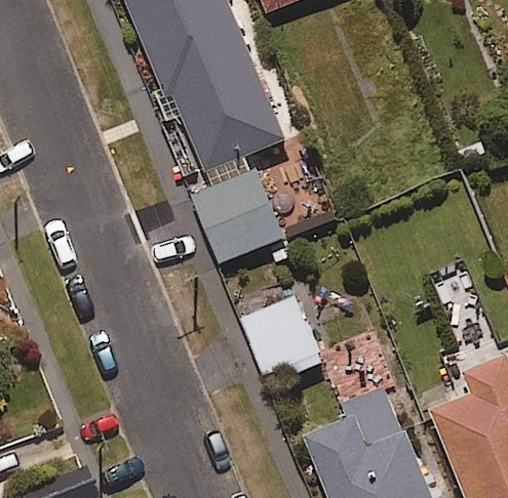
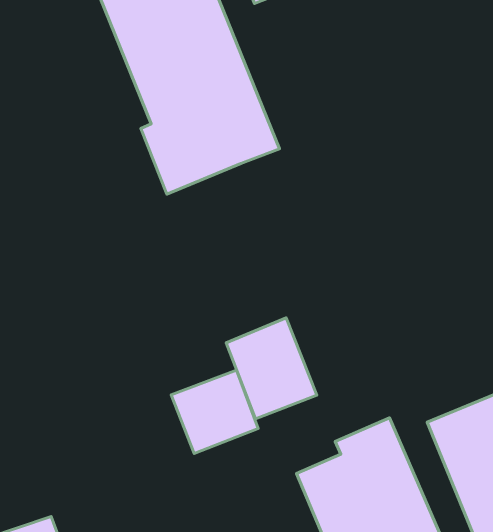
building: [186,157,284,263] -> none
building: none -> [171,370,258,454]

